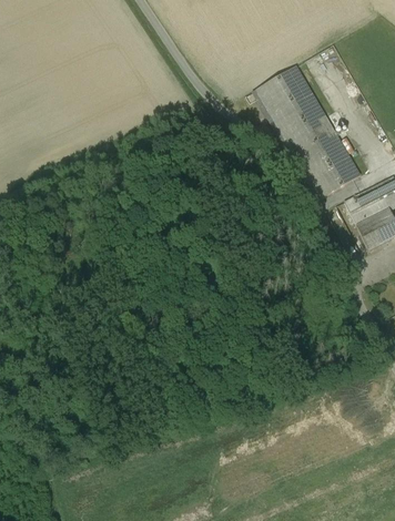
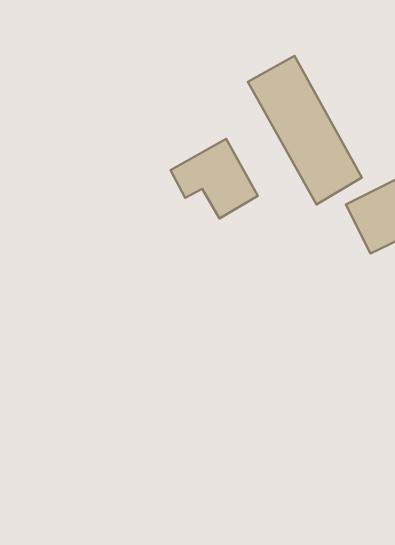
building: none -> [170,139,258,218]

